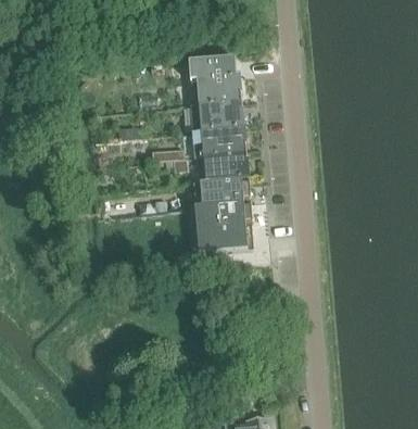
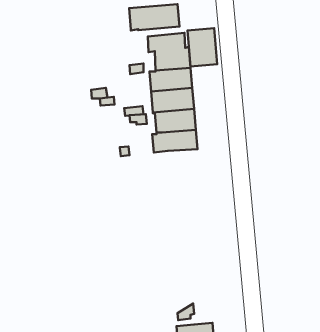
building: none -> [129,4,179,30]
building: none -> [187,28,217,66]
building: [188,200,253,252] -> none

